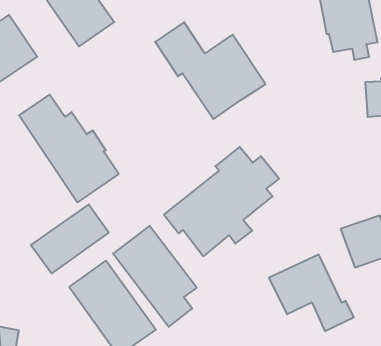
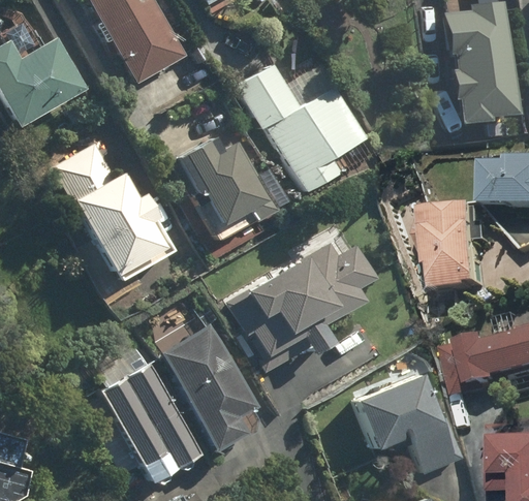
building: none -> [178,137,269,236]
building: none -> [432,201,491,290]
building: [31,204,109,273] -> none

